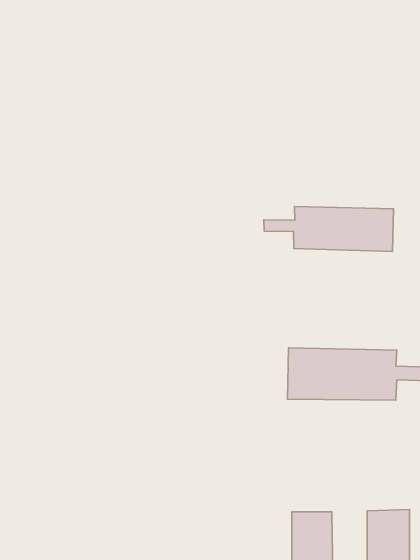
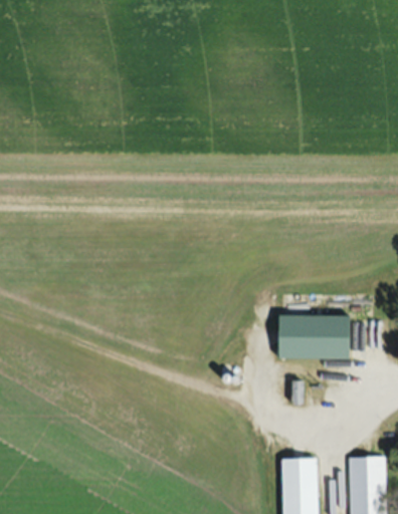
building: [264,207,393,252] -> none

